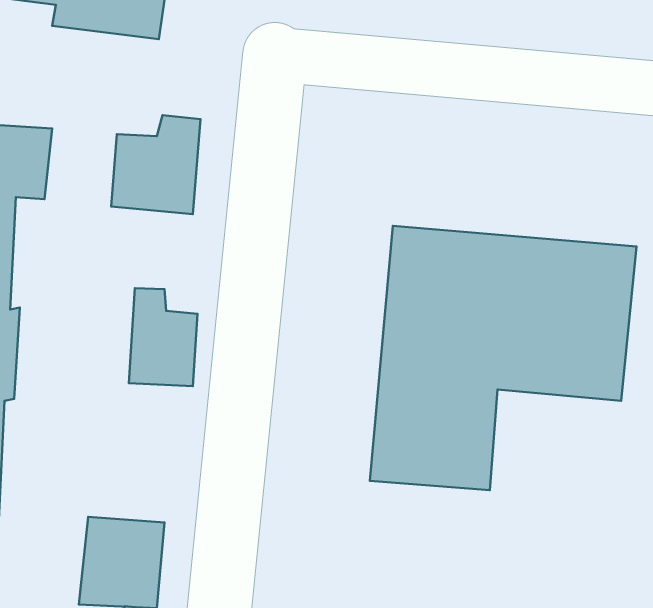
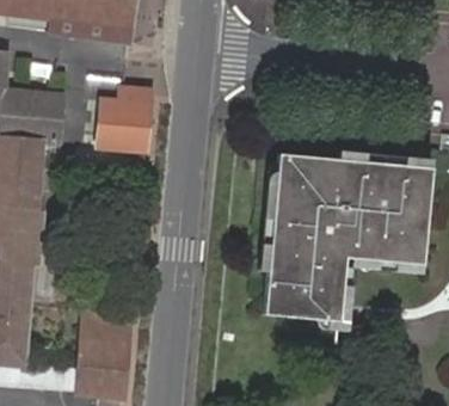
building: [129,288,197,386] -> none
building: none -> [84,313,134,343]

